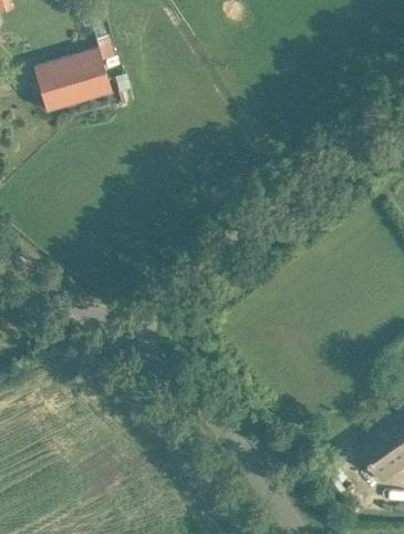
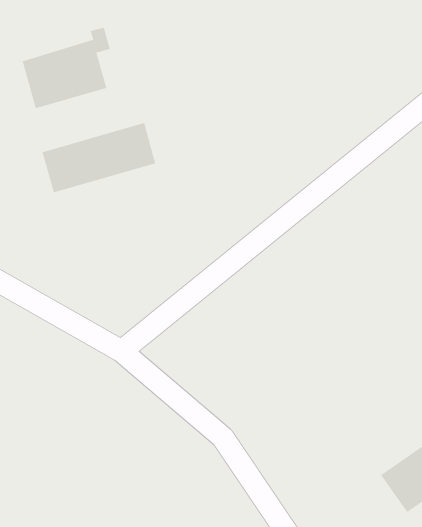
building: none -> [42,122,156,193]

